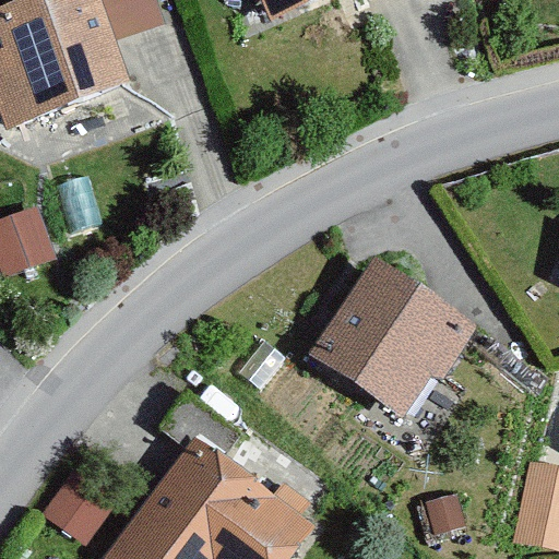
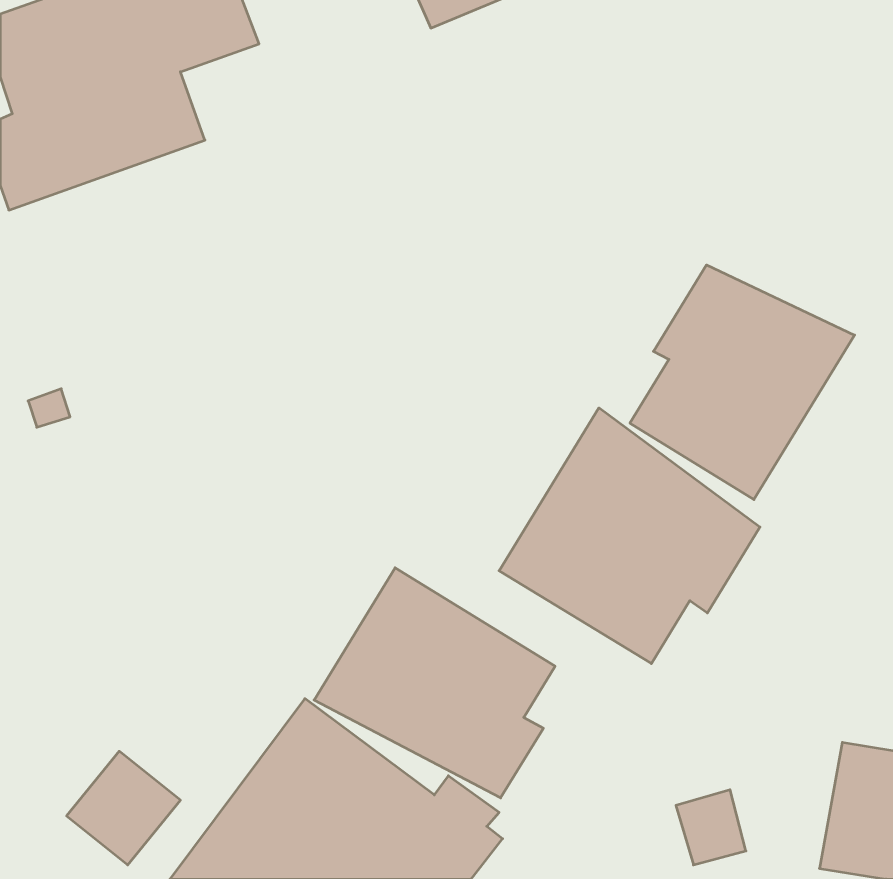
building: none -> [630,265,855,500]
building: none -> [314,568,555,798]

